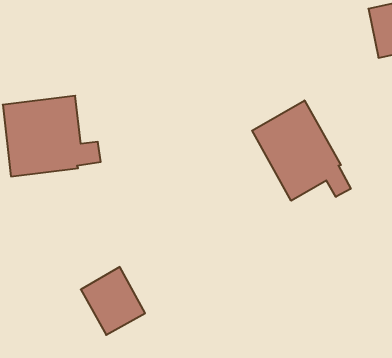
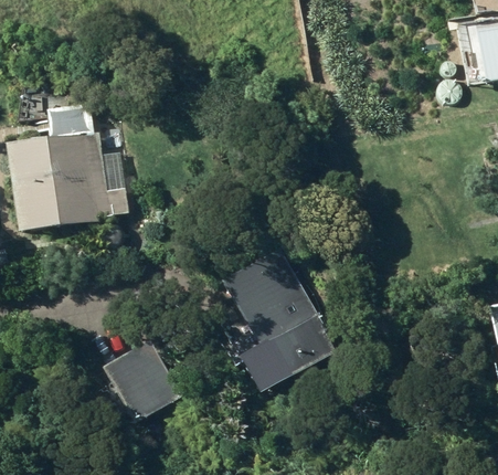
building: [252,100,351,201] -> none
building: none -> [221,251,332,398]

